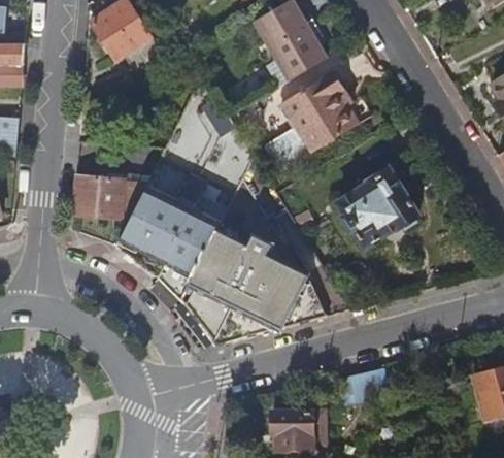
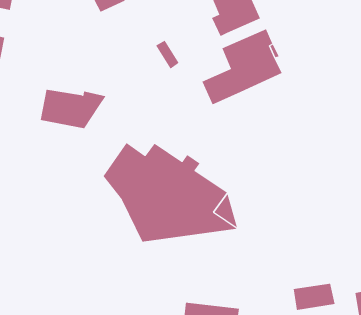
building: [335,167,417,246] -> none
building: [114,187,213,270] -> none
building: [340,364,394,402] -> [293,283,335,311]

